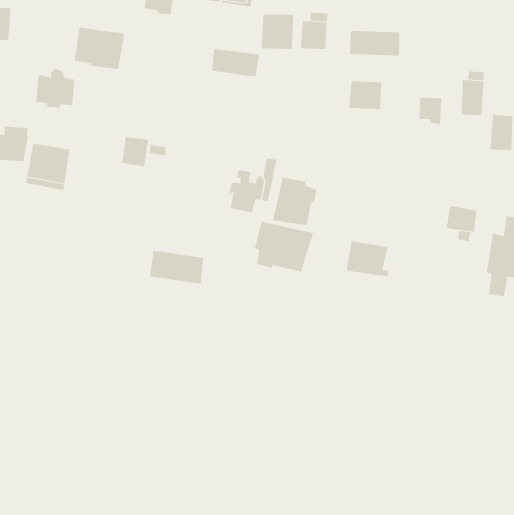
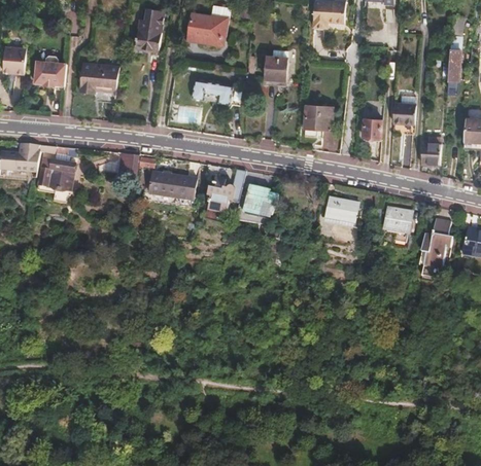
building: [261,14,294,50] -> none
building: [349,30,400,56] -> none
building: [35,68,75,108] -> [34,56,67,88]
building: [254,221,314,272] -> none
building: [346,241,390,277] -> [323,198,359,227]
building: [149,250,204,284] -> [147,172,193,200]

